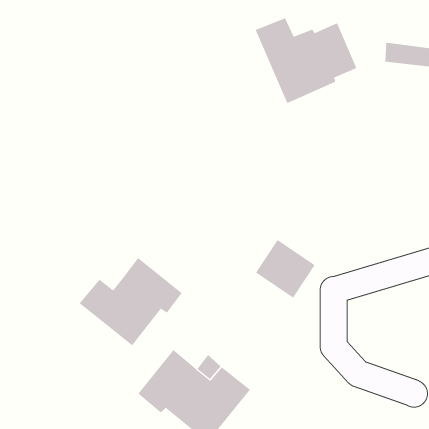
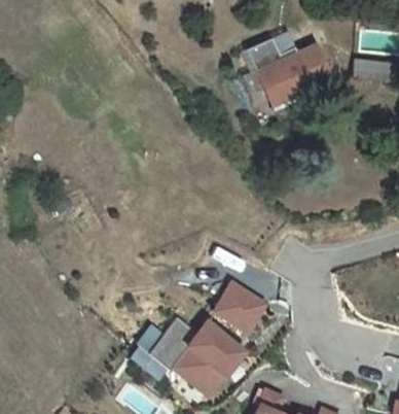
building: [255,239,316,298] -> [214,282,264,332]
building: [79,257,183,346] -> none

